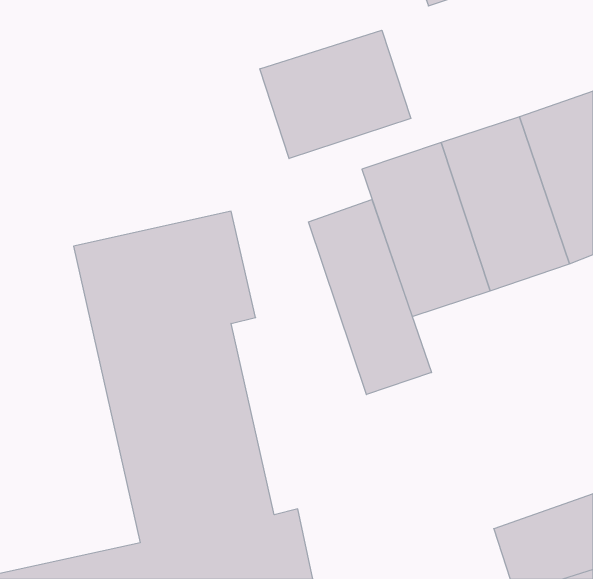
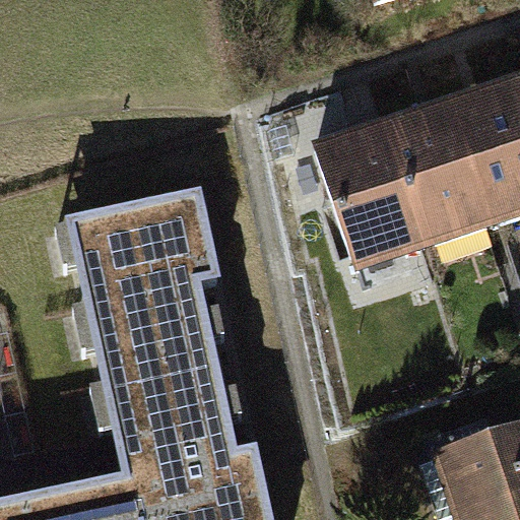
building: [260,30,411,159] -> none
building: [308,200,431,395] -> none

